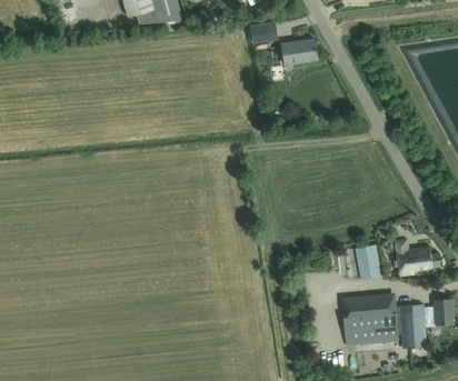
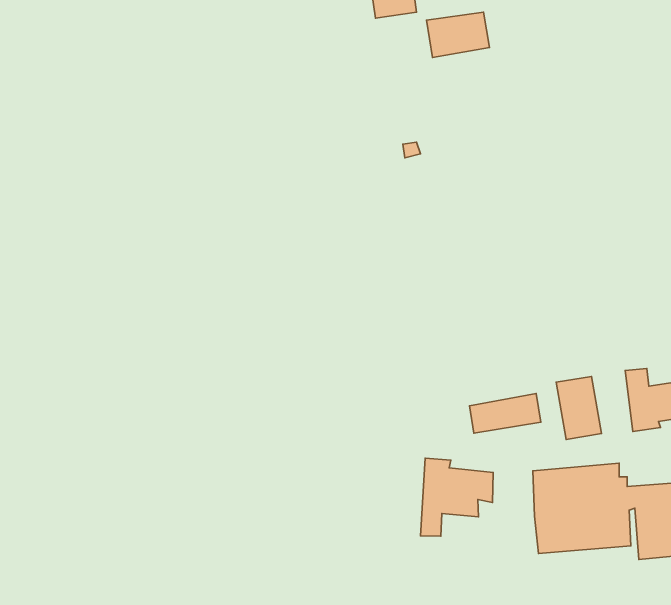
building: none -> [469,393,541,433]
building: none -> [421,458,493,536]

